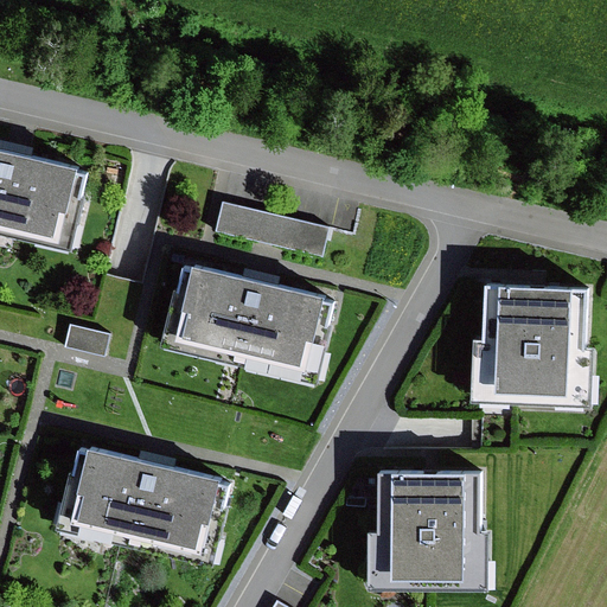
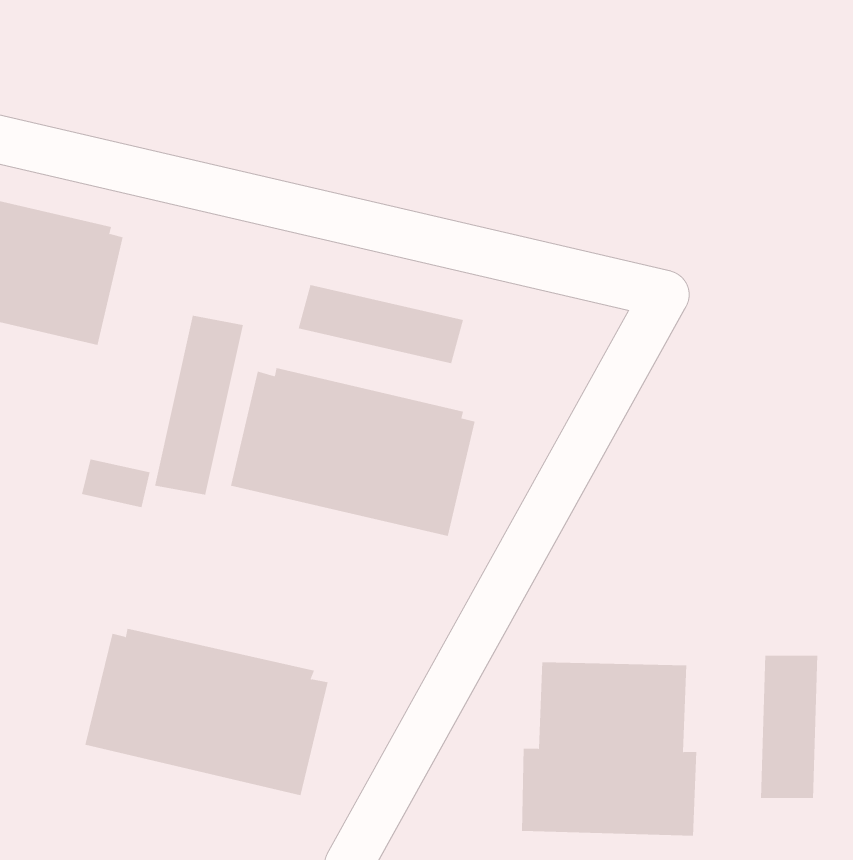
building: none -> [154,315,243,496]
building: [469,282,593,405] -> none
building: none -> [760,655,818,799]

